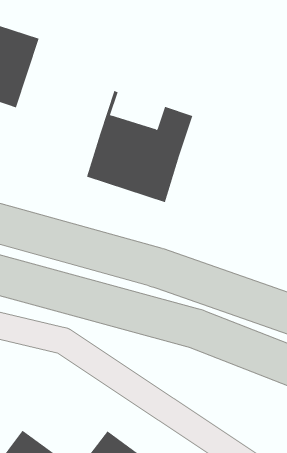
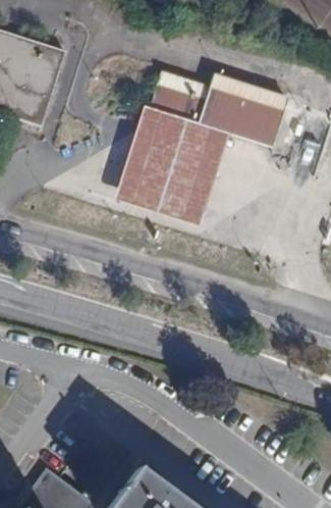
building: none -> [142,70,287,148]

